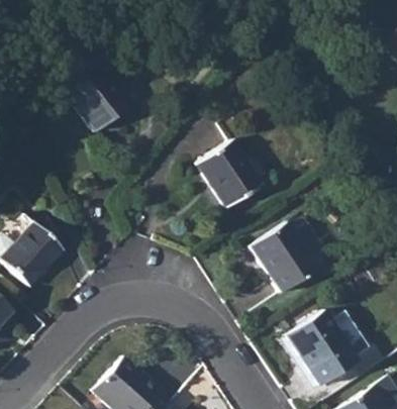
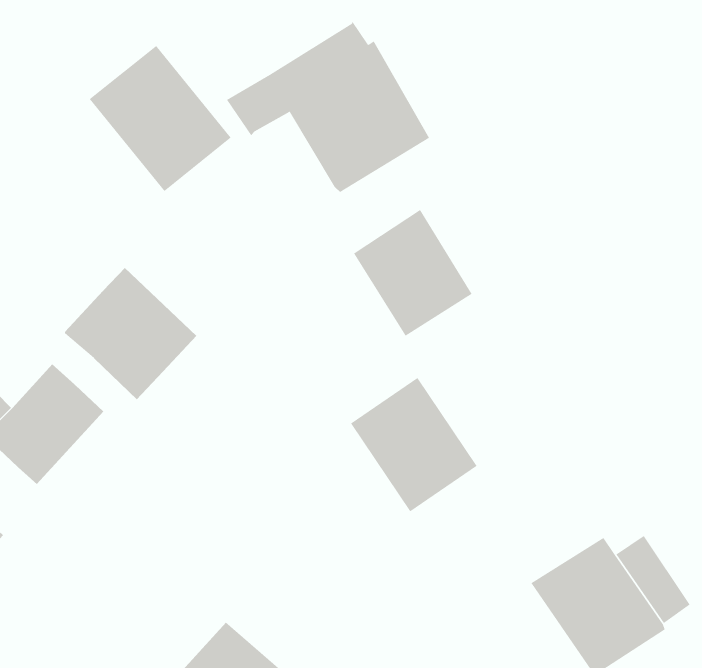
building: none -> [226,21,430,193]
building: none -> [64,267,197,400]
building: [251,221,317,292] -> [350,377,477,512]

